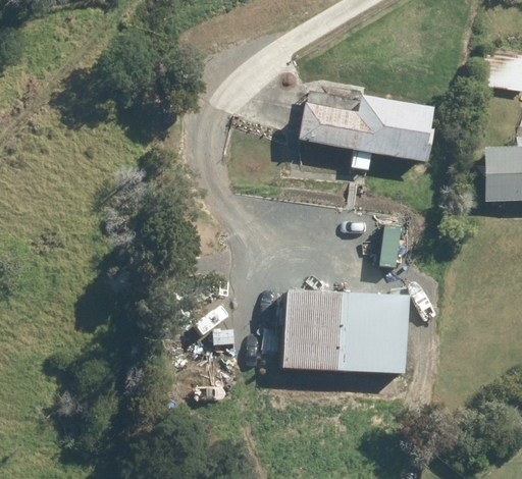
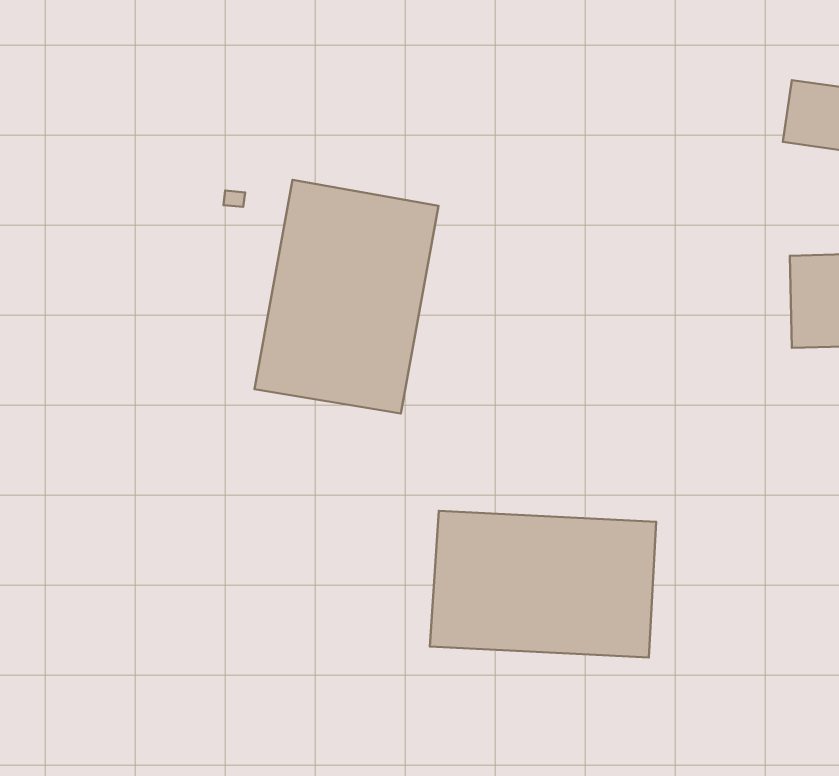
building: [301,95,434,168] -> none
building: none -> [254,180,438,414]

